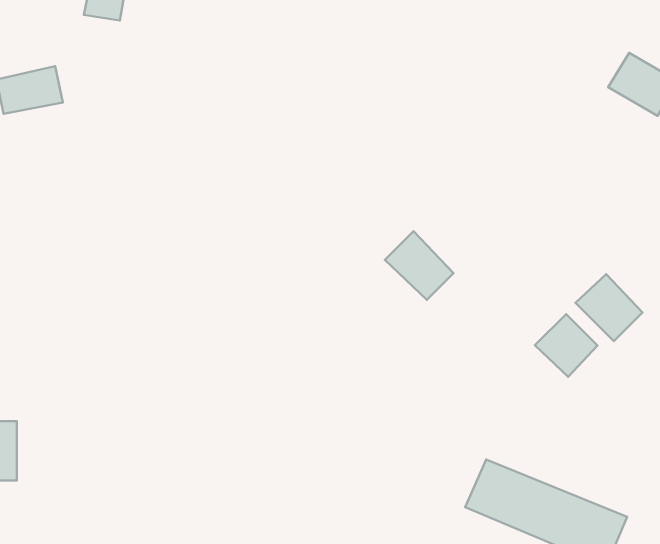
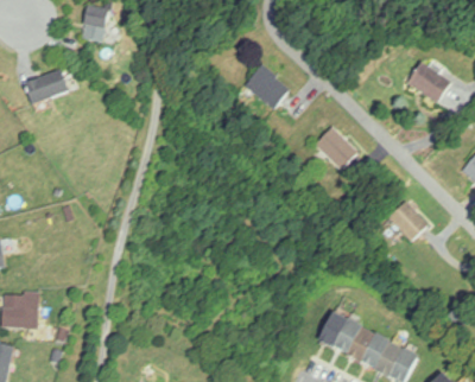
building: none -> [243,64,290,109]
building: [385,231,454,300] -> [314,126,356,168]
building: [535,314,597,377] -> none

